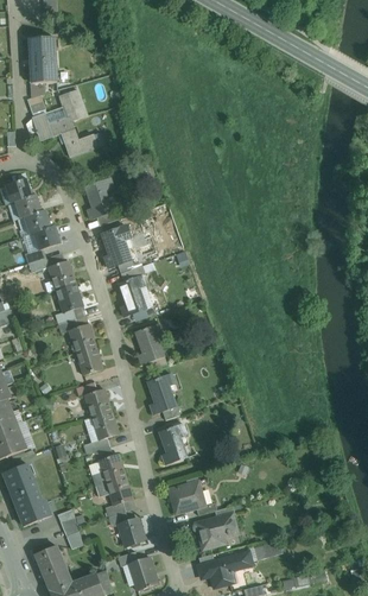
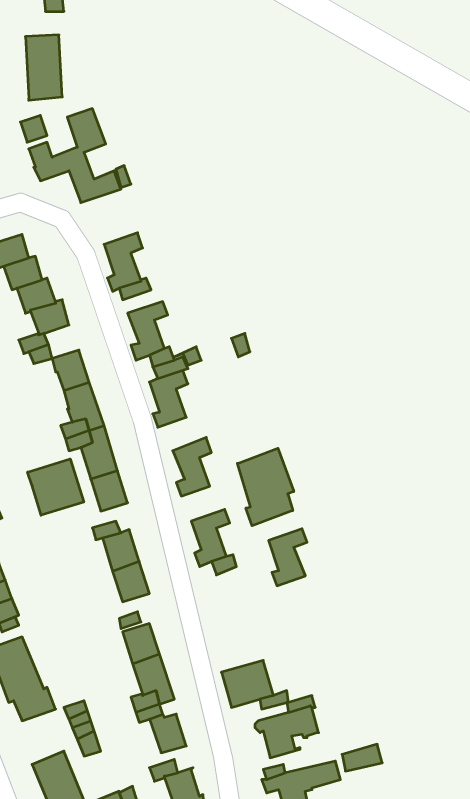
building: none -> [237,448,294,526]
building: none -> [28,459,84,515]
building: [159,424,186,464] -> [269,529,307,586]

